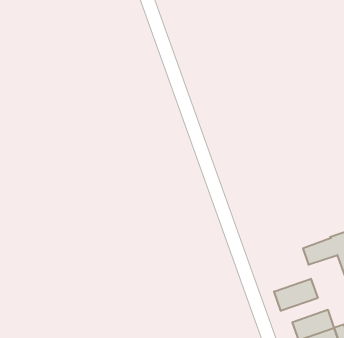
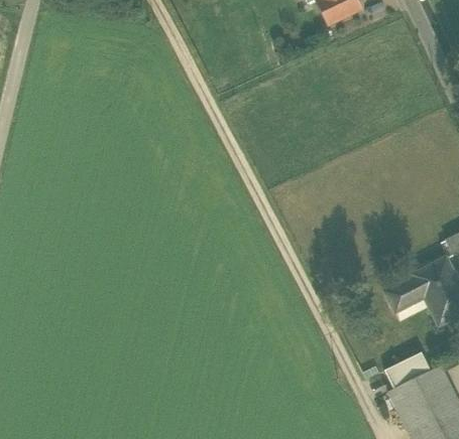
building: [274,279,318,311] -> none

